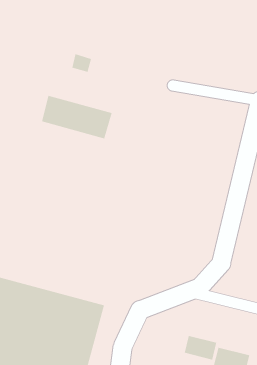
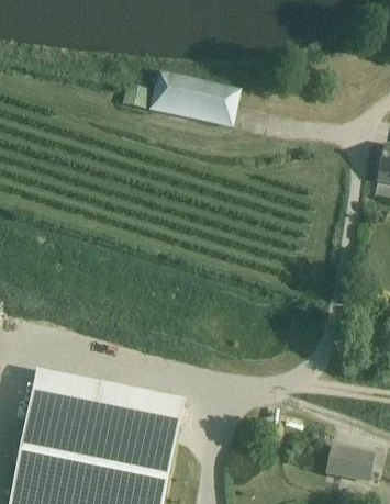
building: [41,95,112,139] -> [148,74,238,125]
building: [184,335,217,360] -> none

